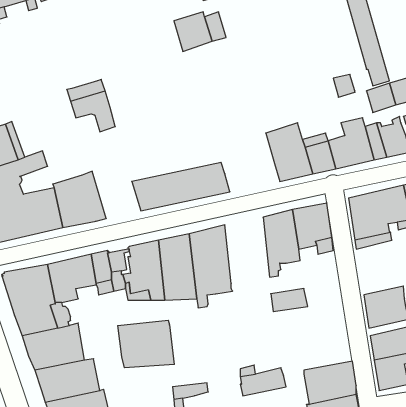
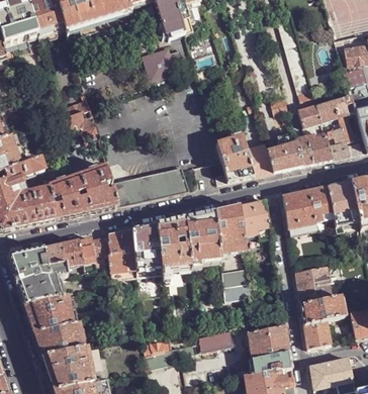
building: none -> [80,164,118,210]
building: none -> [185,209,220,266]
building: none -> [222,280,253,299]
building: [118,320,174,368] -> none

